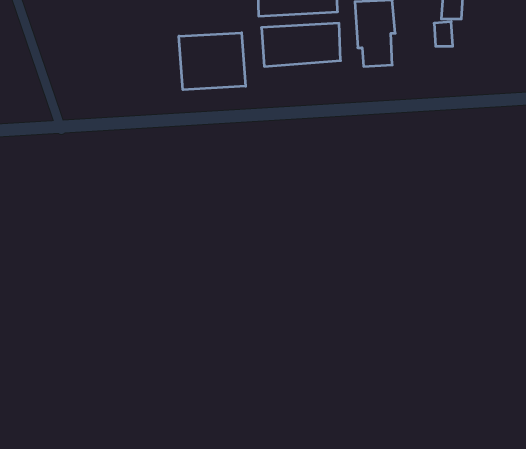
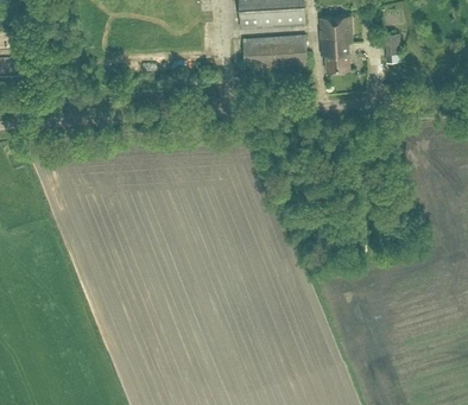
building: [179,33,246,90] -> none

